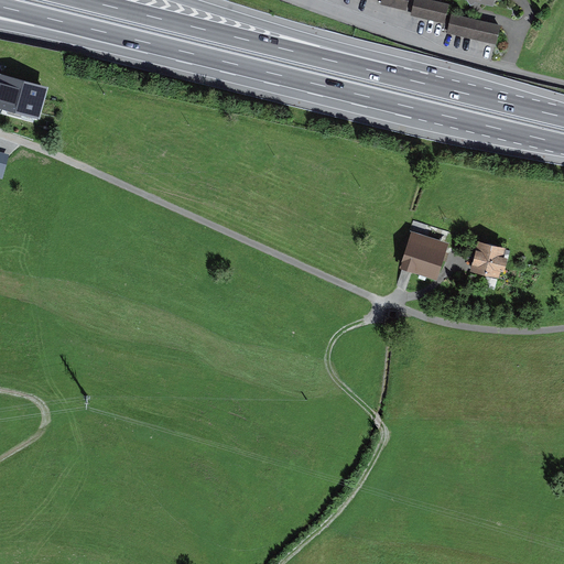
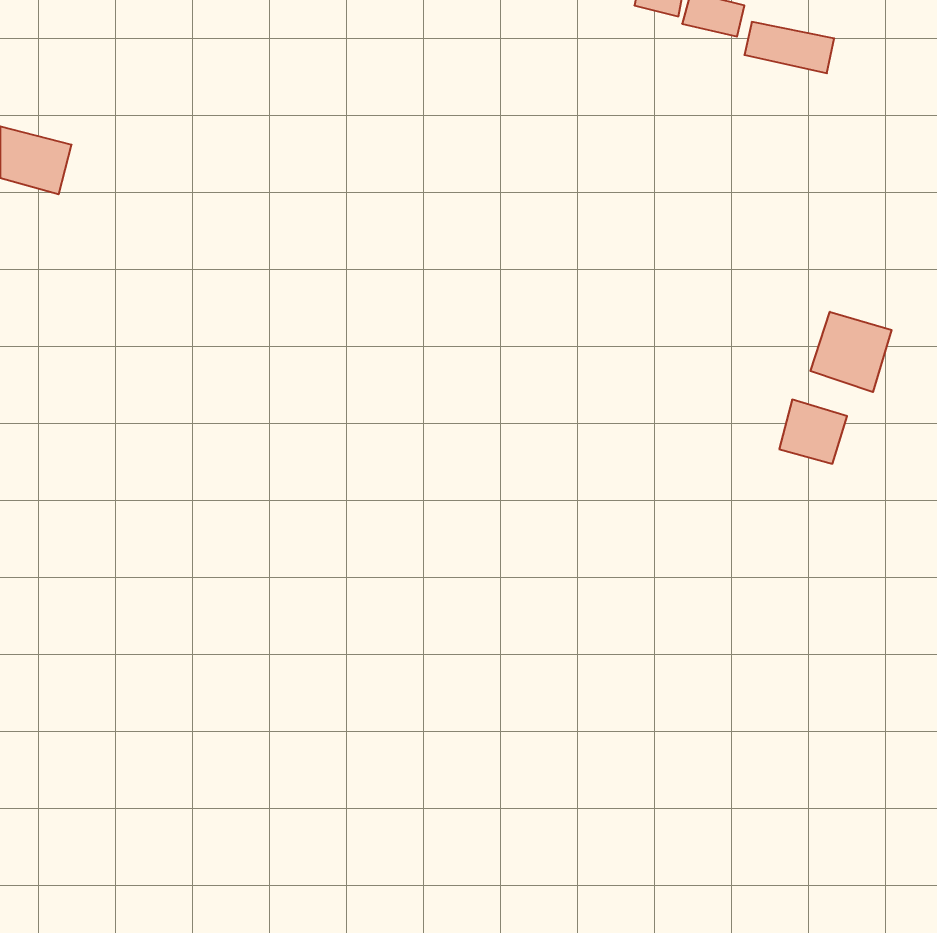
building: none -> [810,312,892,392]
building: [400,232,446,275] -> none

